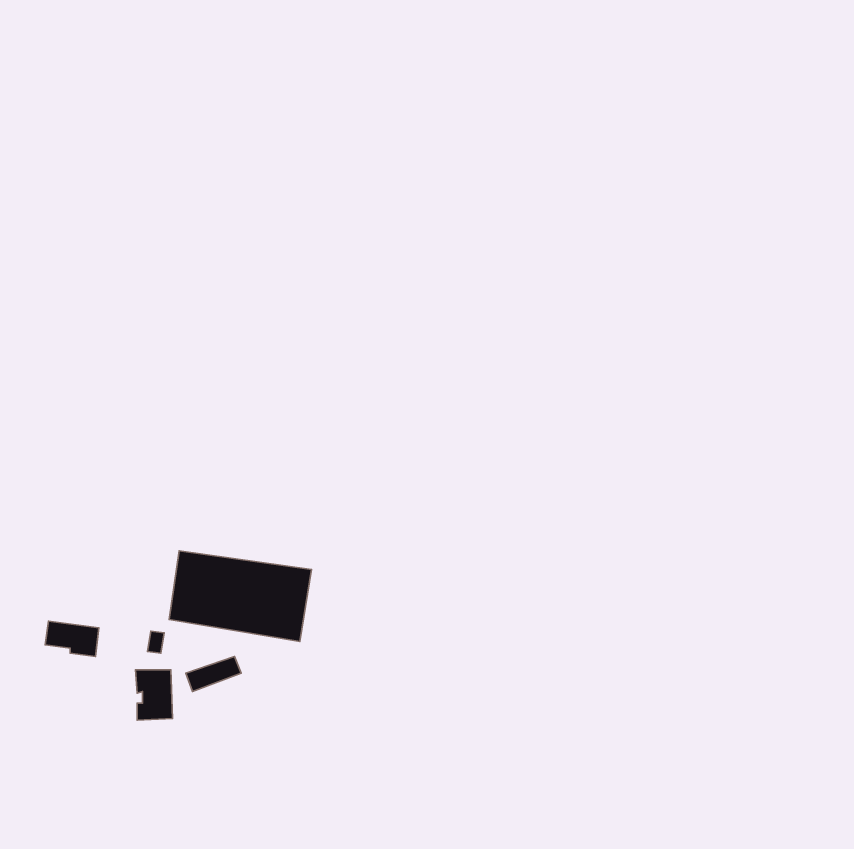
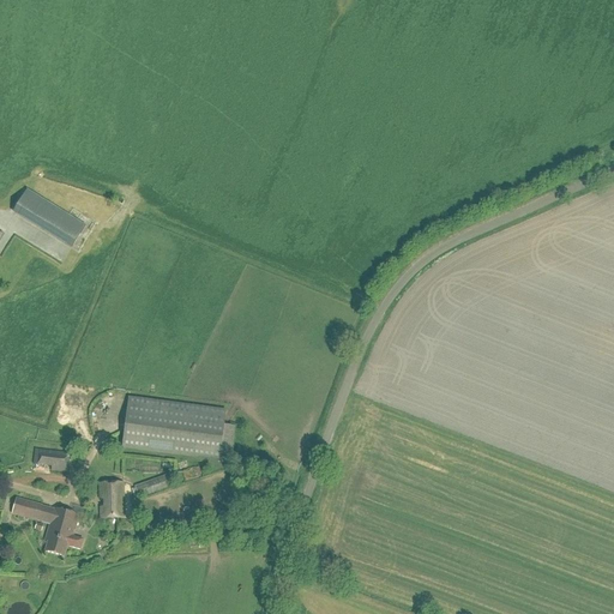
building: none -> [12,187,84,243]
building: none -> [11,495,83,553]

